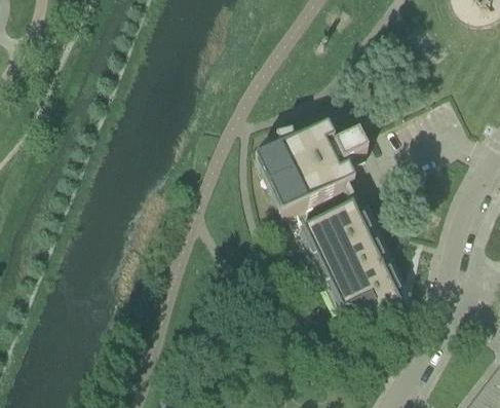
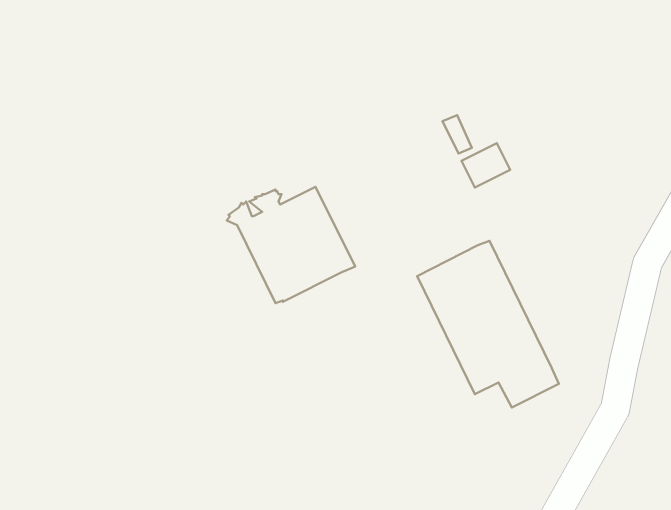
building: [258,133,347,214] -> [227,187,355,303]

